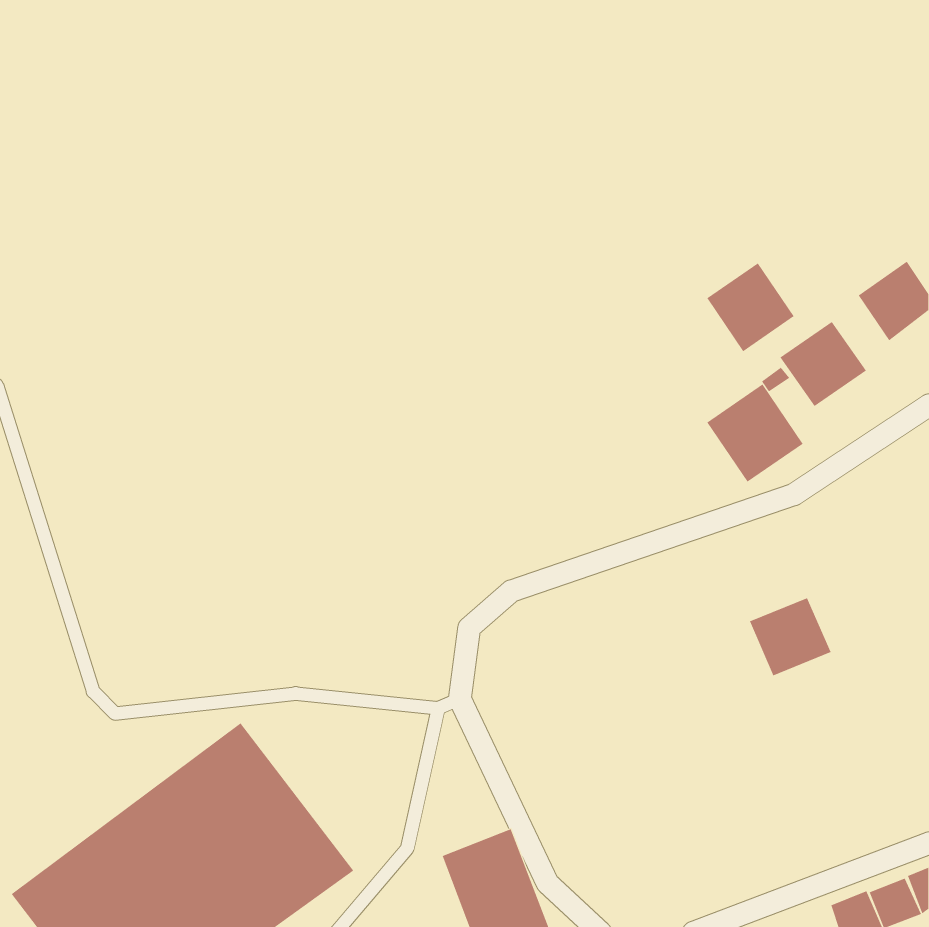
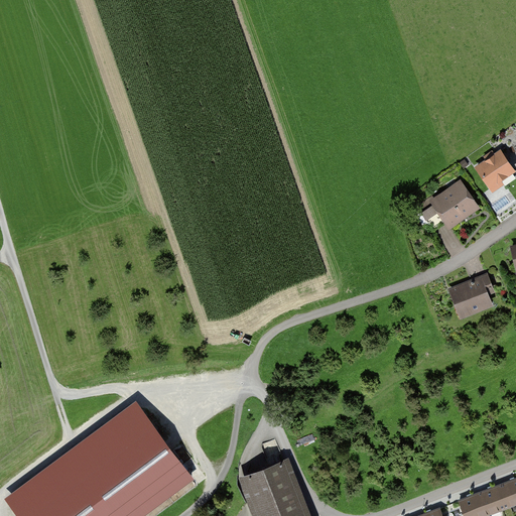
building: [706,262,795,352] -> none
building: [707,384,803,483] -> none
building: [749,598,831,676] -> [447,276,493,319]

